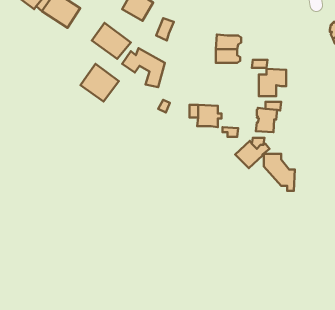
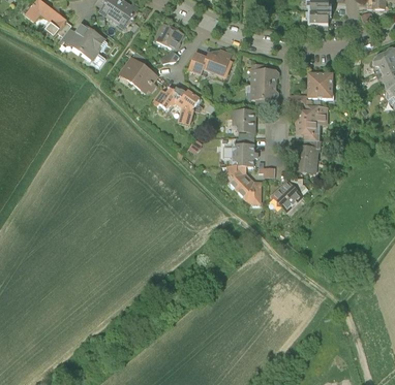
building: none -> [202,46,234,76]
building: none -> [308,72,332,97]
building: [81,64,119,101] -> none
building: none -> [233,109,254,131]
building: [264,154,295,191] -> [227,165,261,204]

